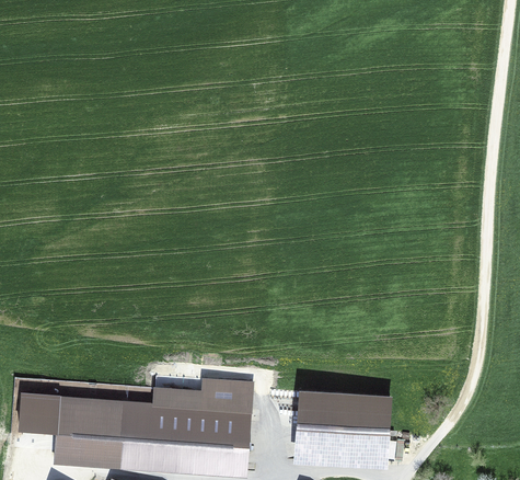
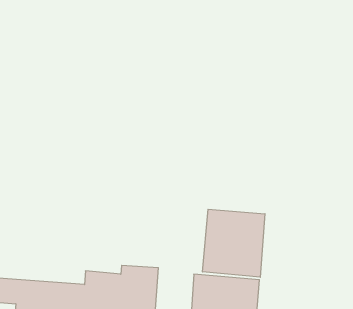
building: none -> [203,209,265,277]

